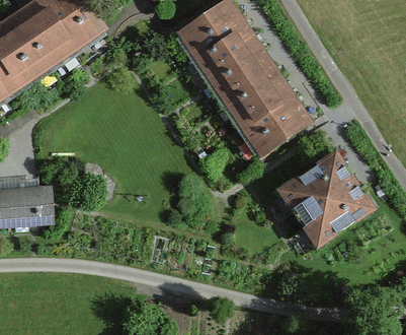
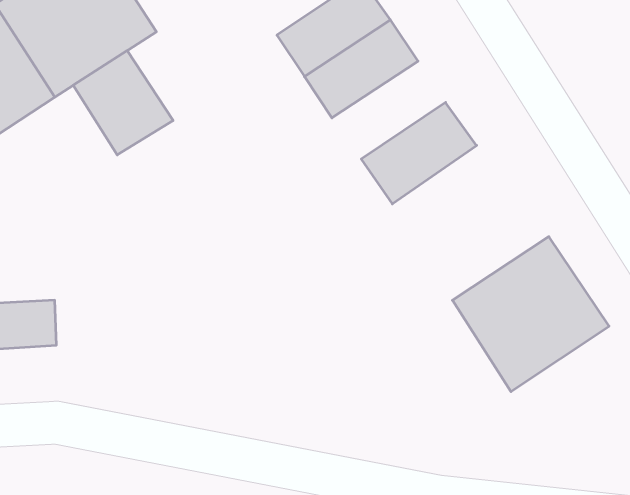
building: none -> [73,51,173,155]
building: [210,49,276,107] -> none
building: [245,98,311,156] -> none

